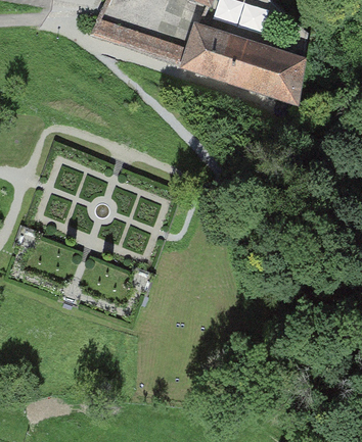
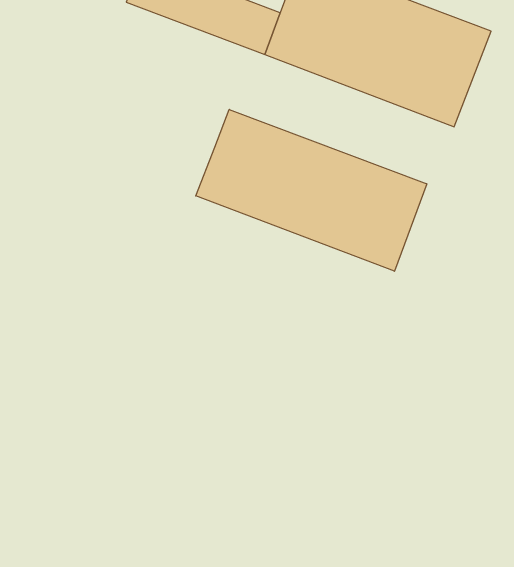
building: none -> [196,109,427,271]

